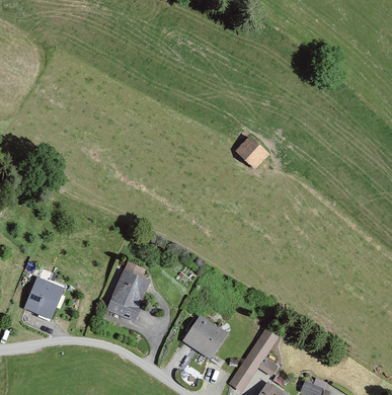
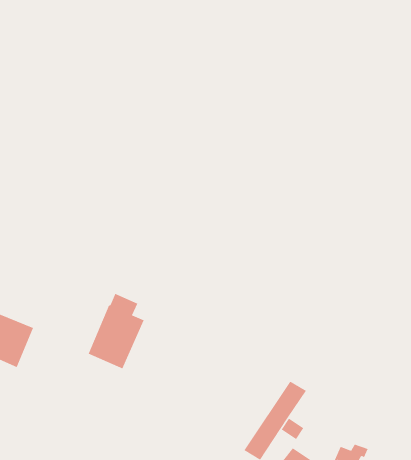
building: [234,137,269,170] -> none
building: [182,315,227,360] -> none

